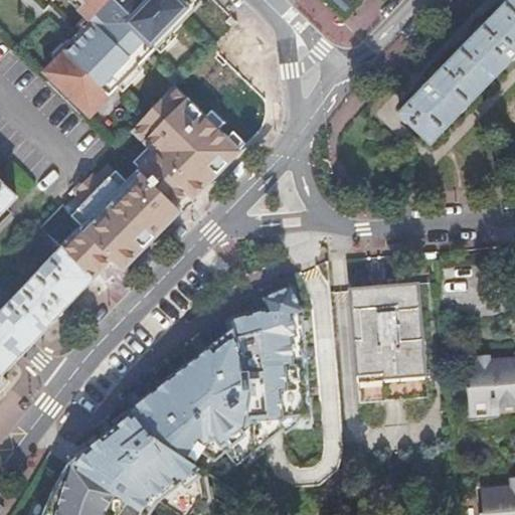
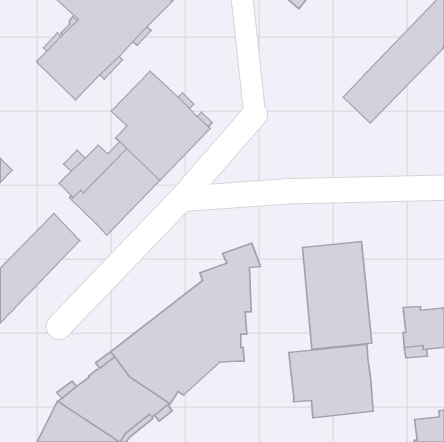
building: [62,229,112,279] -> none
building: none -> [289,344,373,418]

